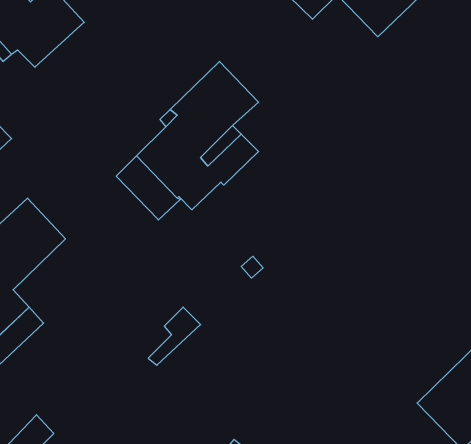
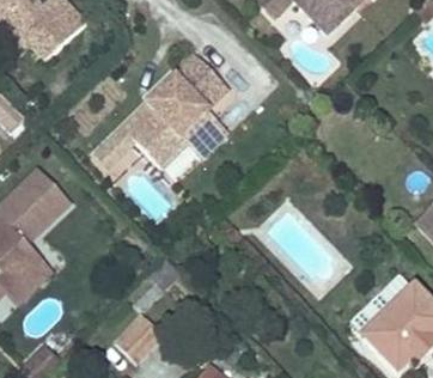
building: none -> [115,312,163,361]

